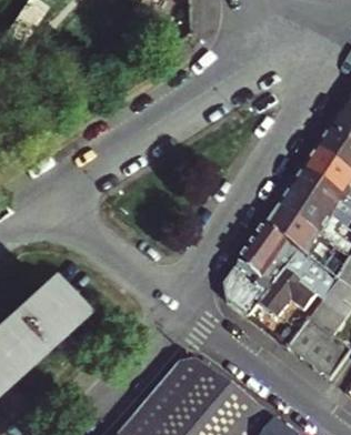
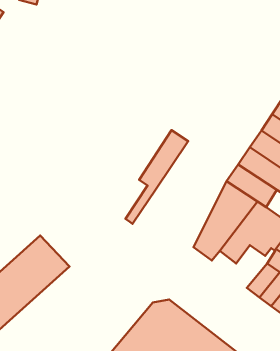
building: none -> [126,130,188,224]

